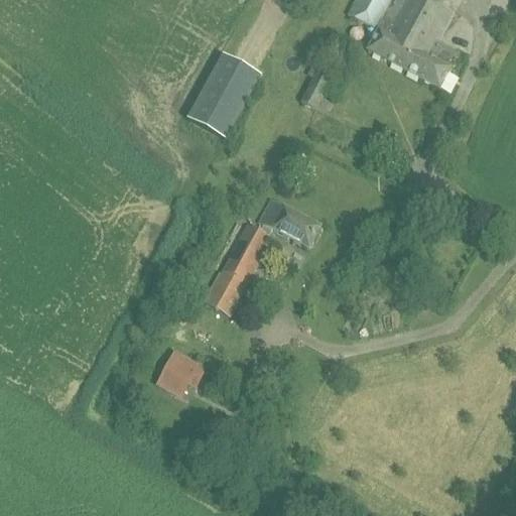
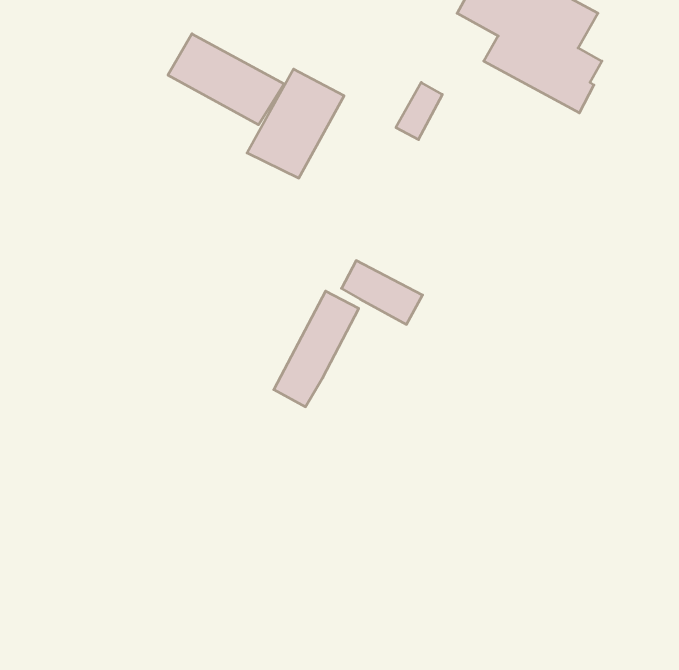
building: none -> [168,34,284,125]
building: [157,349,209,396] -> none

